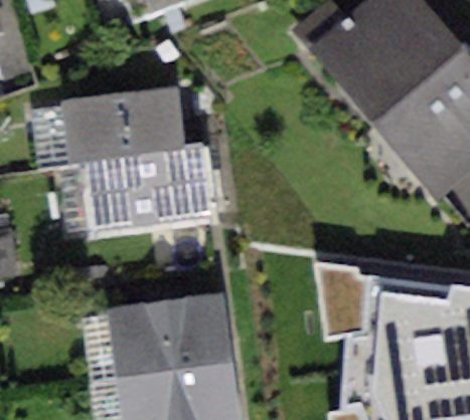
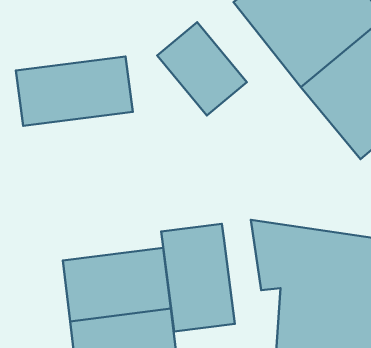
building: none -> [157,22,247,116]
building: [83,144,211,234] -> none
building: none -> [161,224,235,331]

